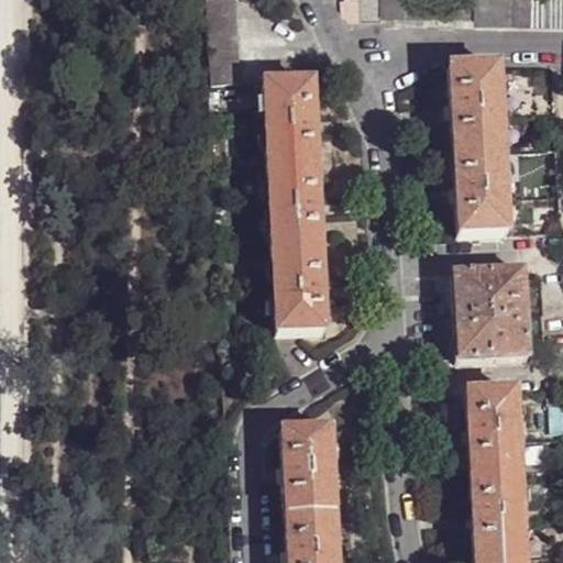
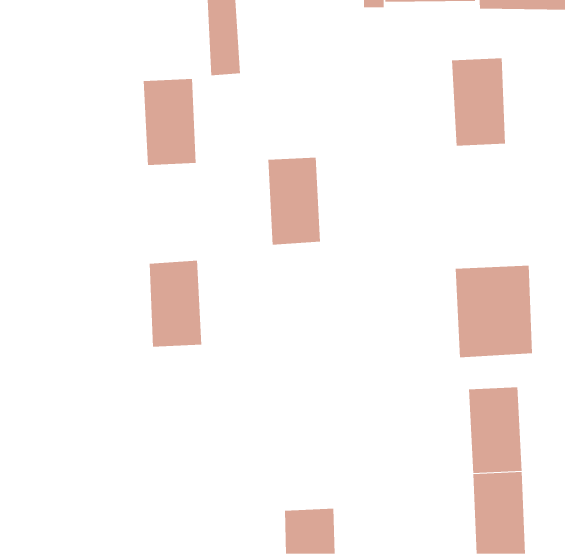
building: [264,71,317,157] -> [143,79,196,165]
building: [454,142,508,229] -> none
building: [273,239,325,324] -> [149,260,202,347]
building: [280,419,334,504] -> none

